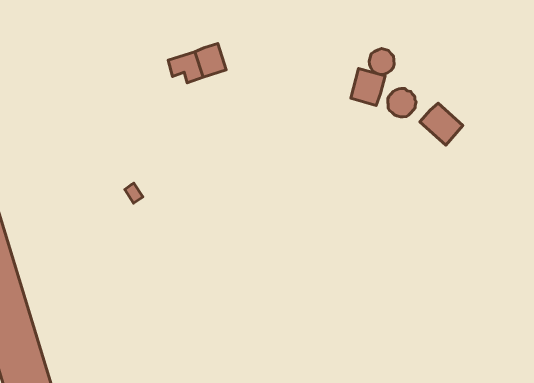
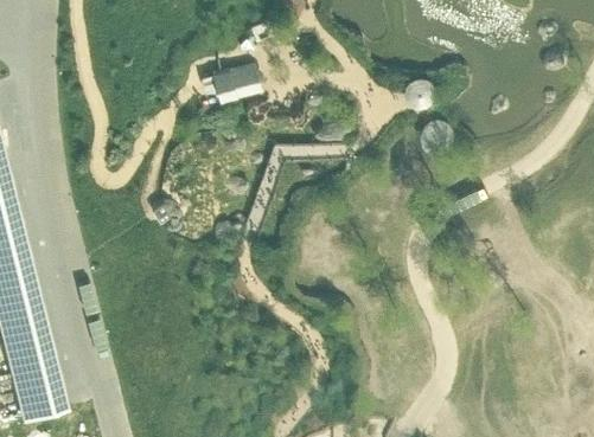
building: [351,69,385,106] -> none
building: [420,103,463,145] -> none

